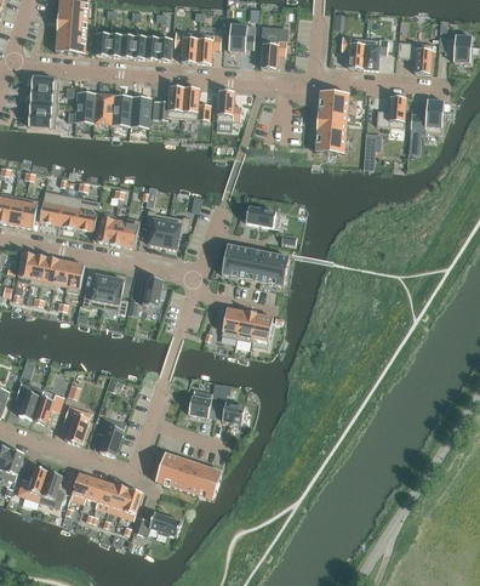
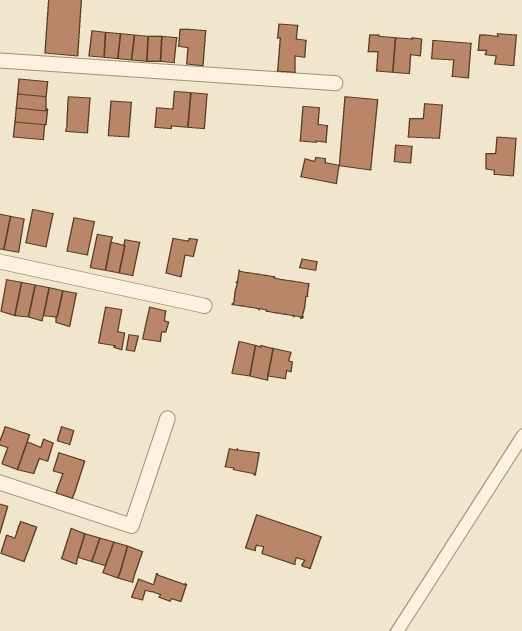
building: [228,24,255,52] -> none
building: [195,33,221,64] -> none
building: [217,90,241,121] -> [300,107,328,142]
building: [93,92,114,125] -> none
building: [130,96,150,127] -> none
building: [417,99,444,133] -> [486,137,516,176]
building: [57,194,81,228] -> none
building: [245,205,279,228] -> [301,157,339,184]
building: [144,210,168,246] -> none
building: [81,274,109,308] -> none
building: [188,389,218,417] -> none
building: [97,416,125,456] -> none
building: [155,453,222,500] -> [246,515,321,569]
building: [38,471,65,508] -> none

